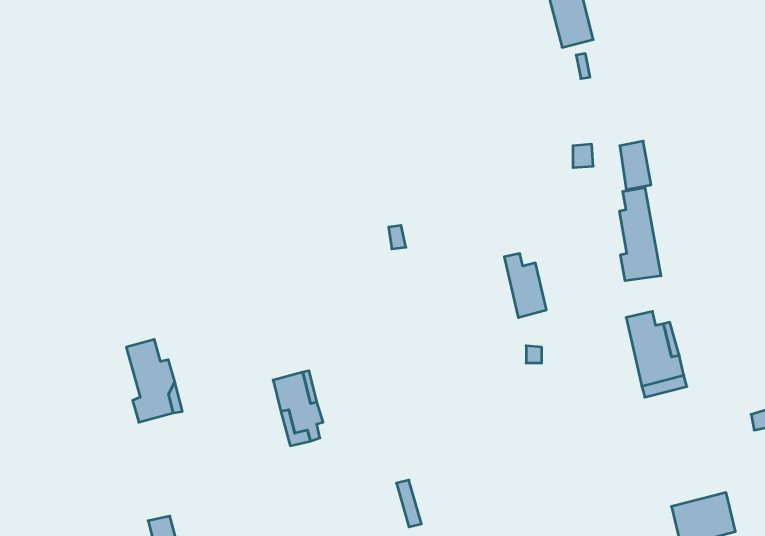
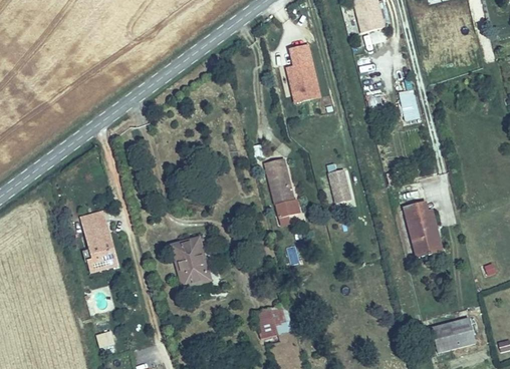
building: none -> [287,45,320,101]
building: [620,188,661,281] -> none
building: none -> [265,157,298,216]
building: none -> [263,304,289,337]

